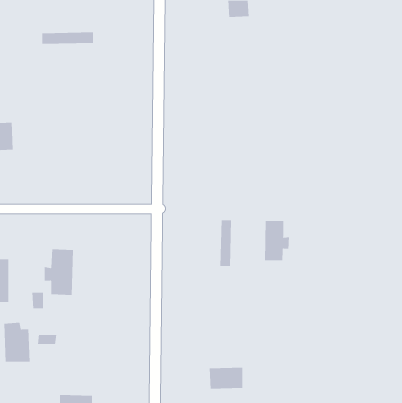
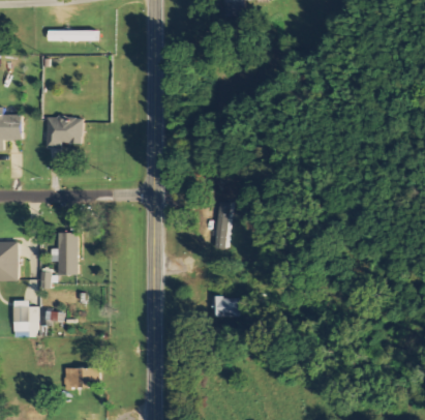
building: none -> [45,117,83,146]
building: [264,220,289,261] -> none
building: [209,367,243,389] -> [211,297,243,318]

